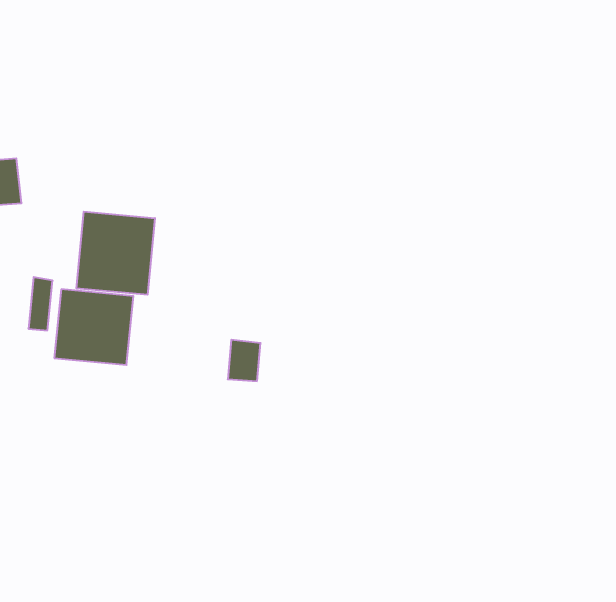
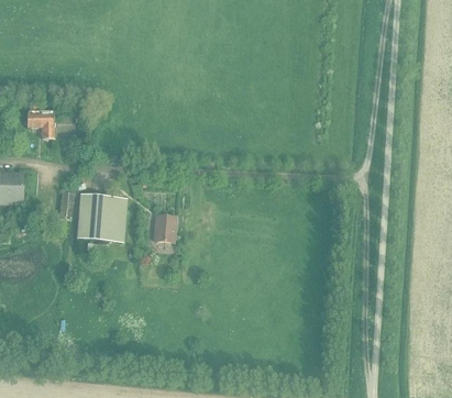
building: [76,212,155,295] -> none
building: [228,340,261,381] -> [154,214,175,241]

